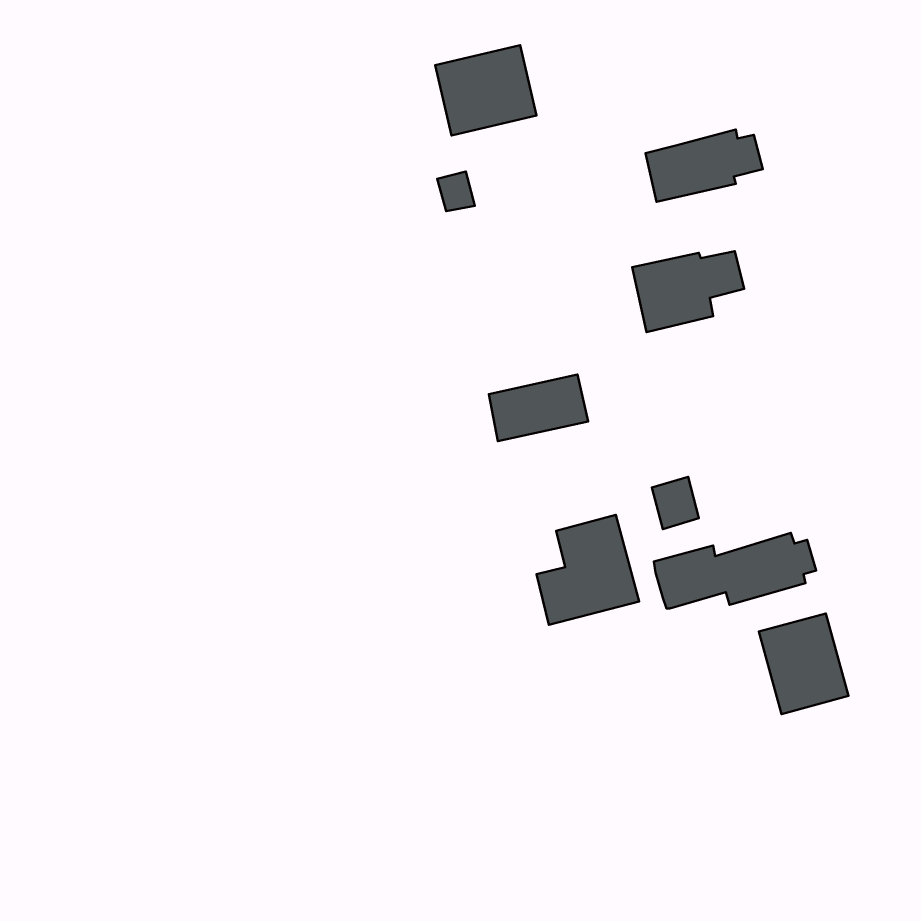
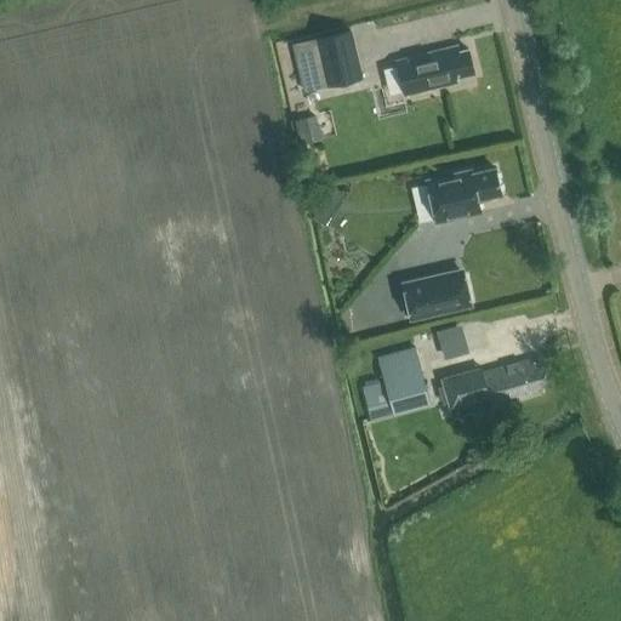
building: [645,130,763,202] -> [394,47,473,96]
building: [489,374,588,441] -> [403,275,469,320]
building: [759,613,849,714] -> none

